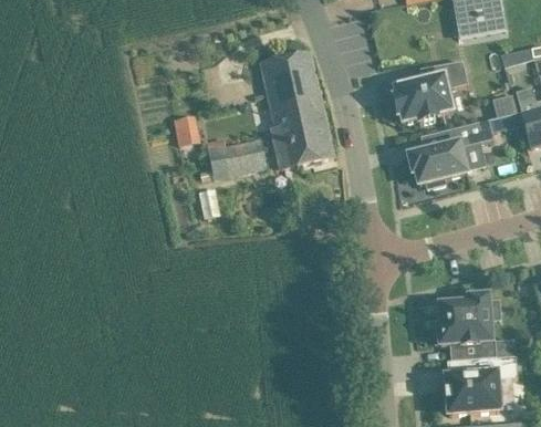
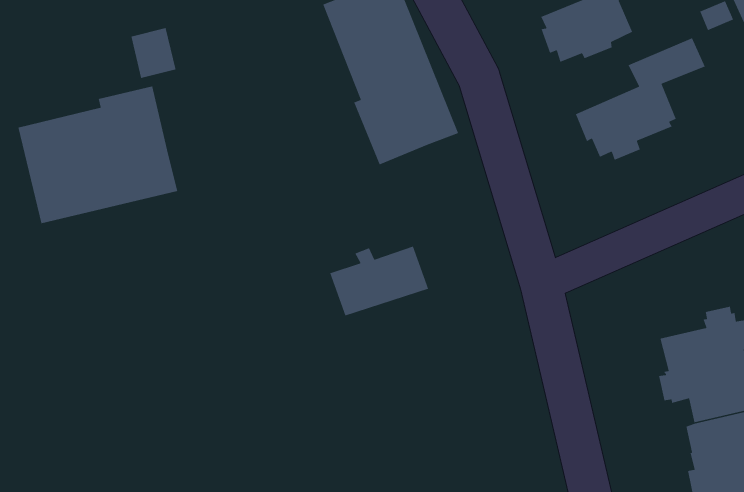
building: none -> [17,86,178,224]
building: [174,114,199,144] -> [130,27,176,79]
building: [209,133,270,174] -> [329,246,429,317]

